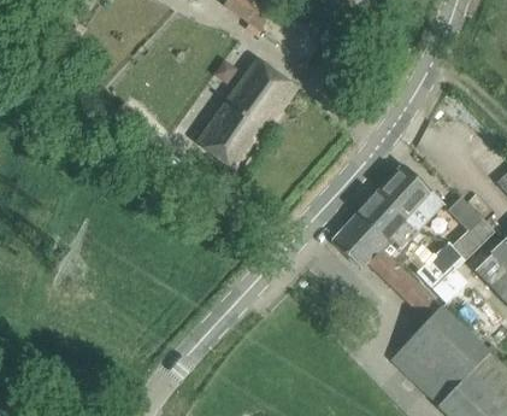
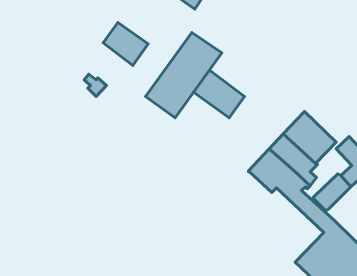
building: none -> [103,22,148,65]
building: none -> [193,70,245,118]

